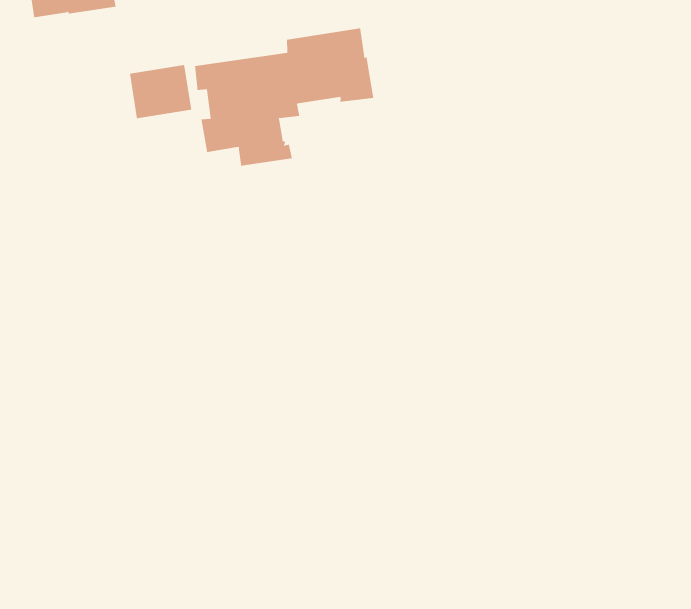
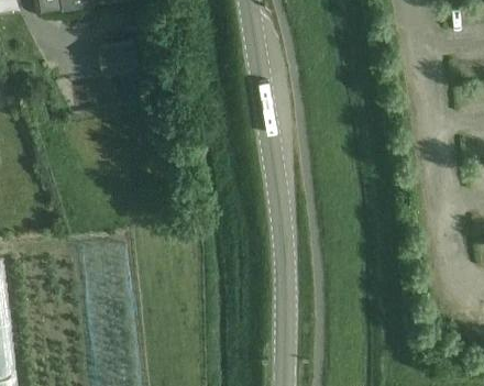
building: [195,28,374,166] -> none

